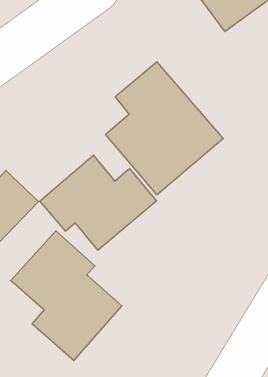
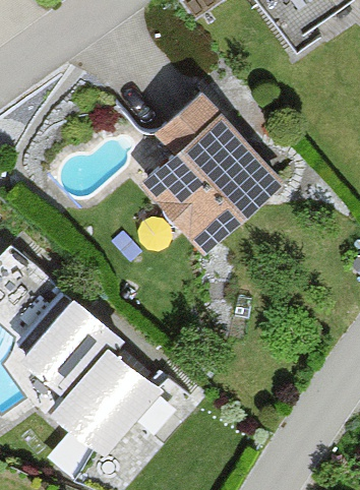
building: [40,155,156,250] -> none

